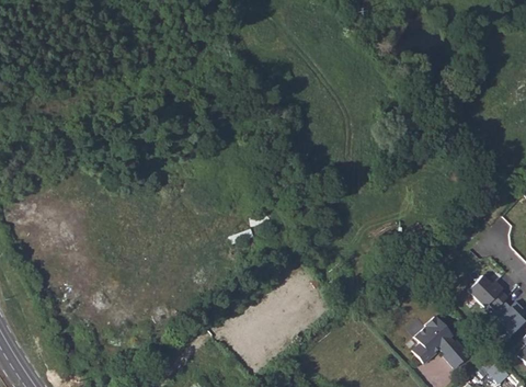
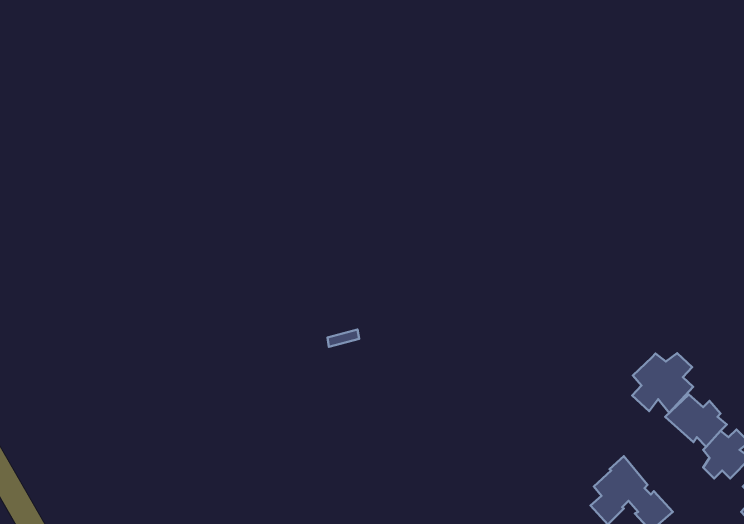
building: none -> [632,353,693,413]

